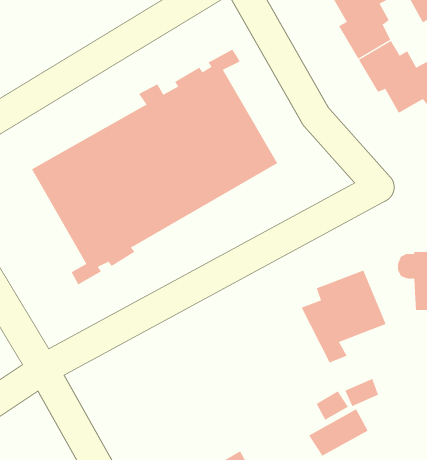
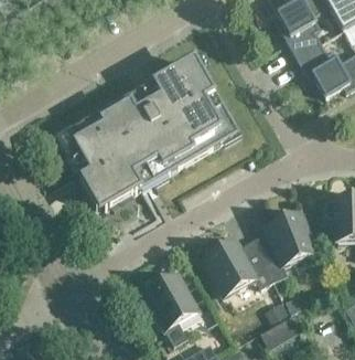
building: none -> [203,240,275,296]
building: none -> [144,273,198,346]

